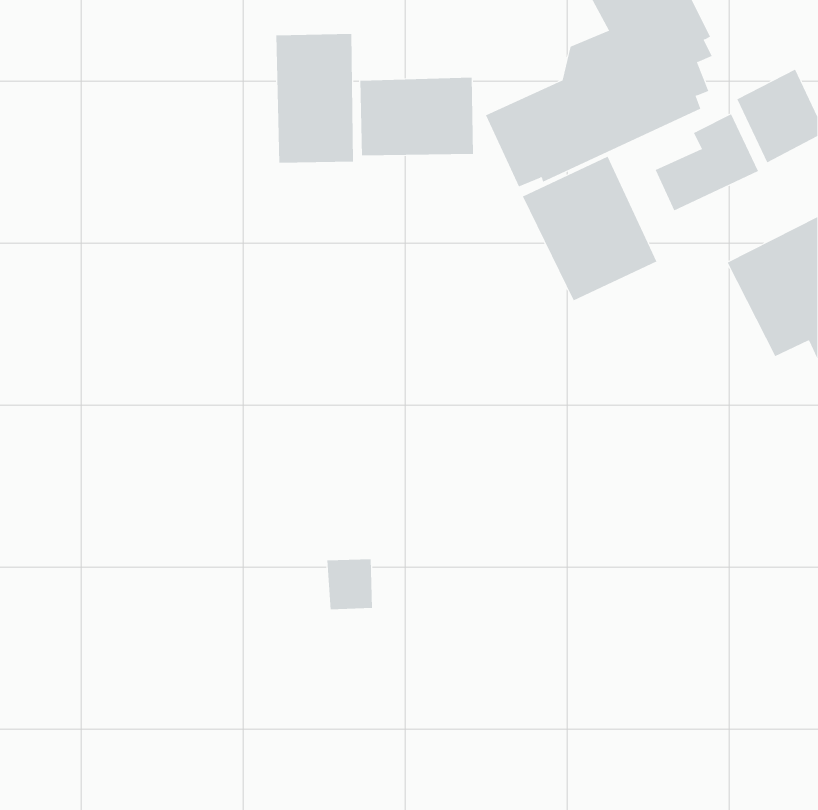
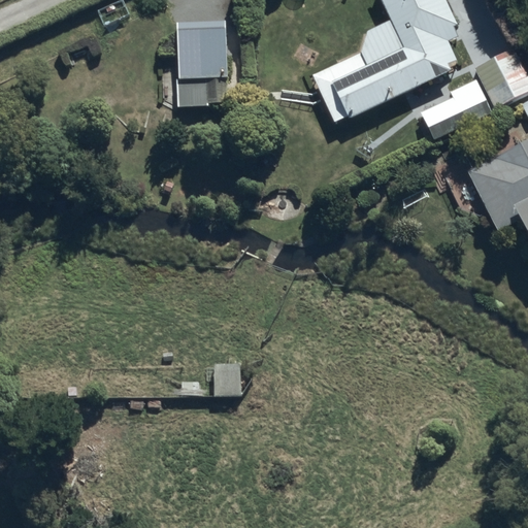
building: [360,77,474,156] -> none
building: [522,156,657,301] -> none

